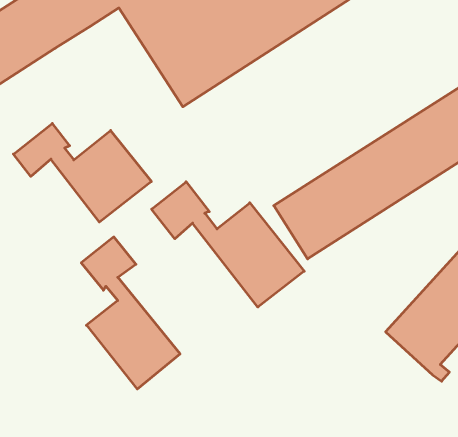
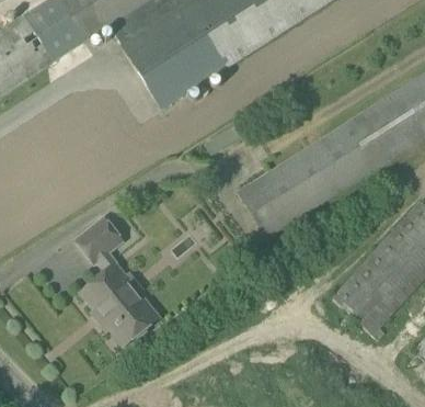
building: [13,123,151,222] -> none
building: [152,182,304,307] -> none

